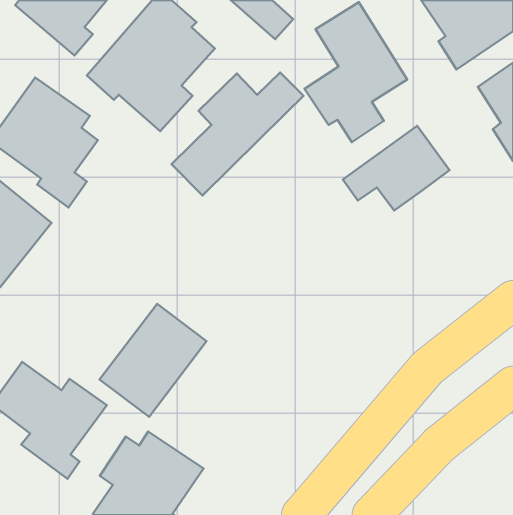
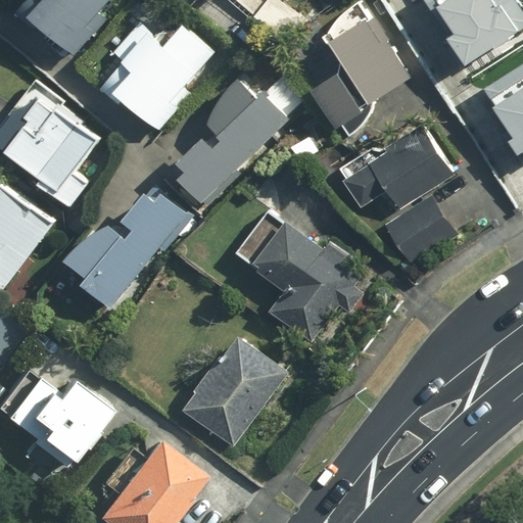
building: none -> [65,188,189,303]
building: none -> [386,193,458,264]
building: none -> [250,221,364,338]
building: [100,304,206,417] -> [181,335,289,449]

